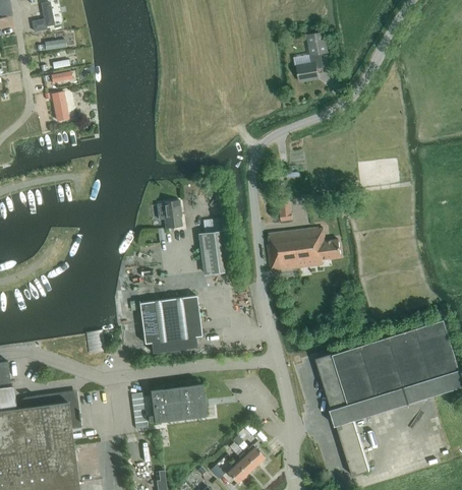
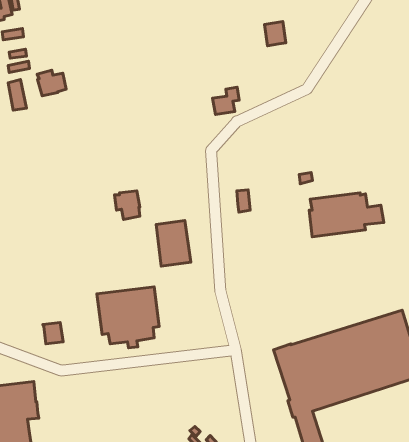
building: [296,54,323,81] -> [213,87,239,115]
building: none -> [37,70,66,96]
building: [267,228,341,271] -> [309,193,384,237]
building: [148,384,206,423] -> none

